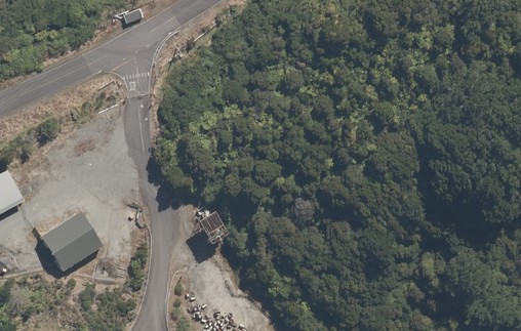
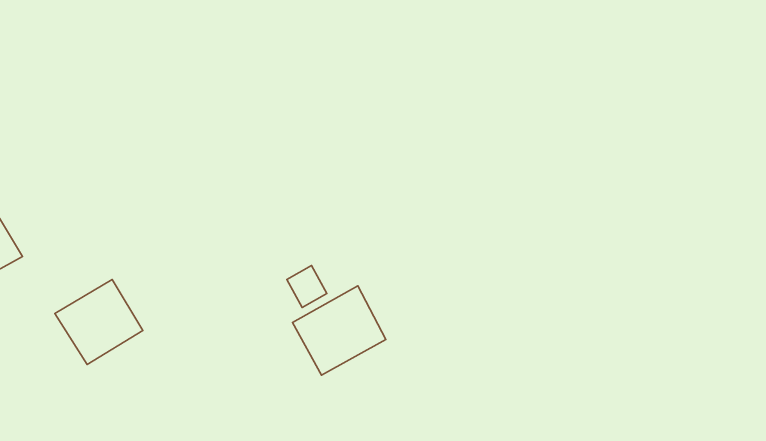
building: none -> [292,286,386,375]

